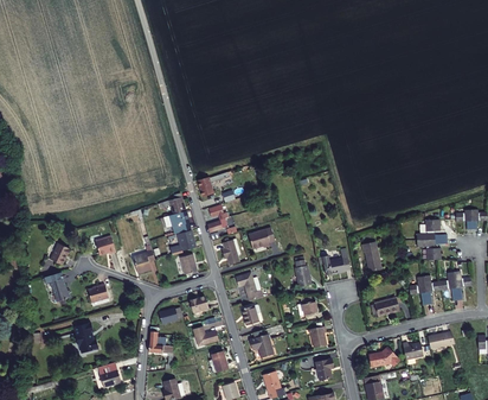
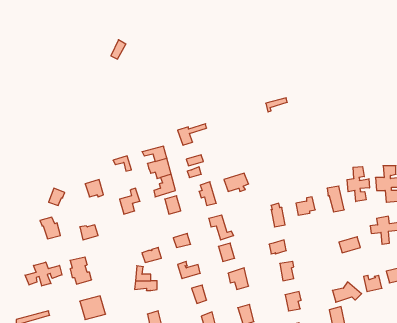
building: none -> [347,167,369,202]
building: none -> [25,262,62,286]

